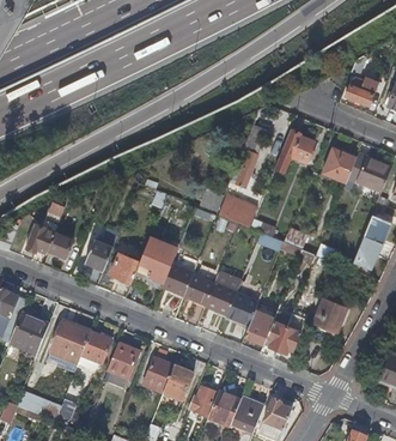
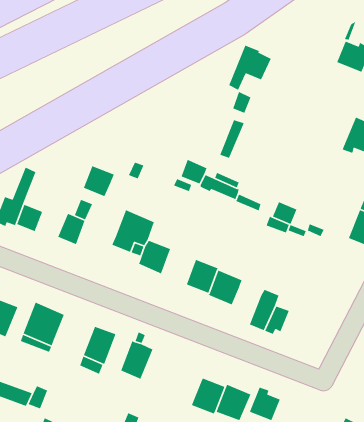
building: [274,127,315,170] -> [228,45,272,91]
building: [321,146,357,182] -> none
building: [108,250,138,280] -> [83,165,115,197]
building: [181,272,212,304] -> none
building: [311,296,351,333] -> none
building: [243,307,273,342] -> none
building: [81,332,111,364] -> none
building: [162,364,193,400] -> none
building: [188,386,218,417] -> none

